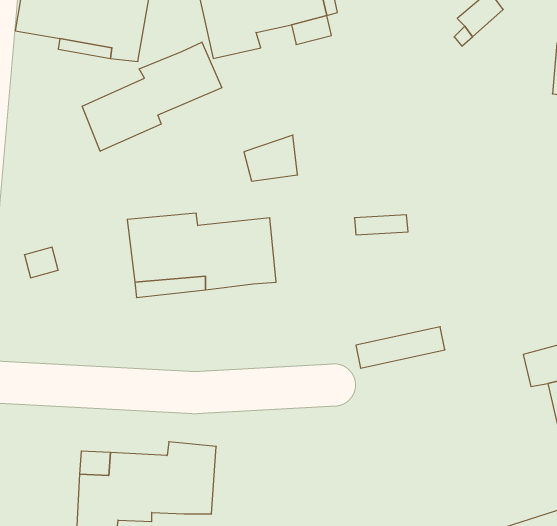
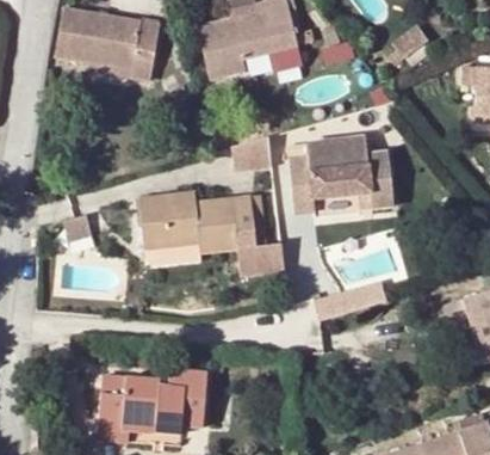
building: [82,42,222,151] -> none
building: none -> [289,135,389,209]
building: none -> [238,245,285,275]

